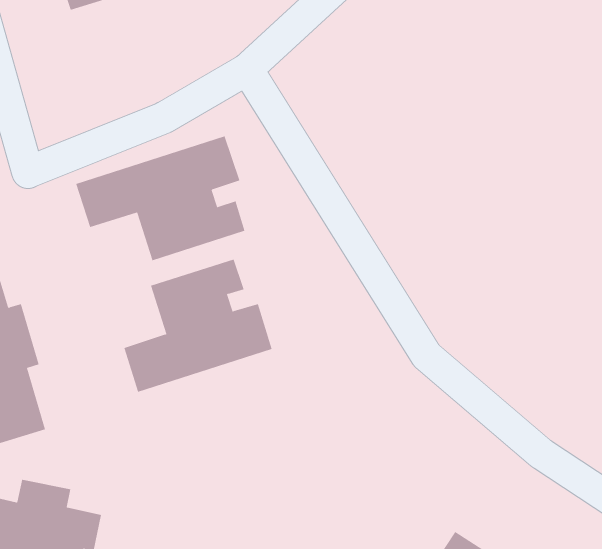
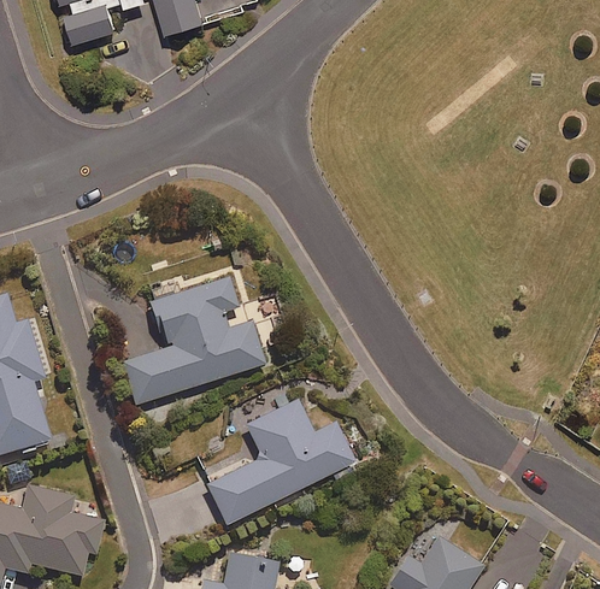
building: [75,136,245,261] -> none
building: none -> [205,400,354,524]

